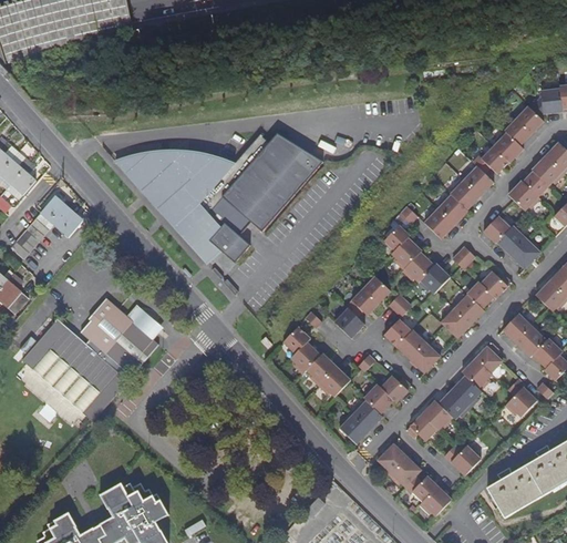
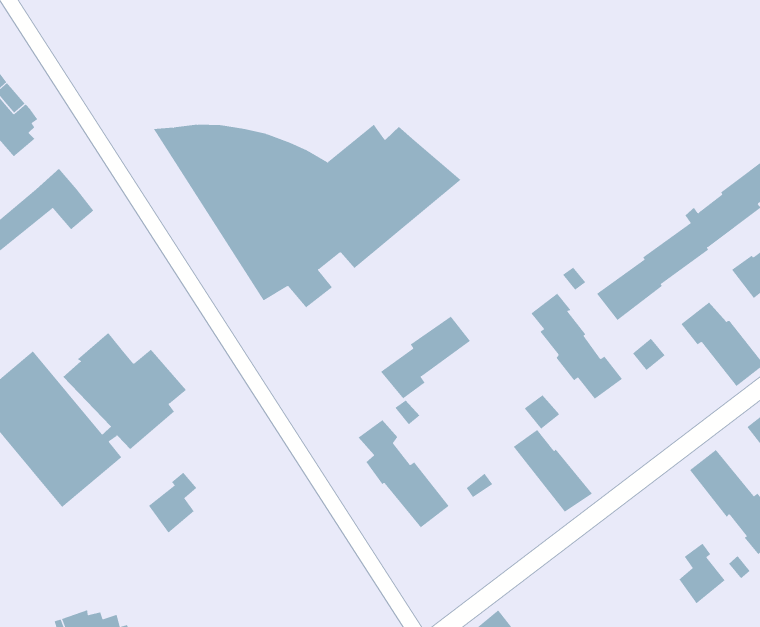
building: [442,270,509,336] -> none
building: [333,277,390,337] -> [380,316,471,399]
building: [408,340,503,441] -> none
building: [340,373,411,441] -> none
building: none -> [148,472,197,534]

